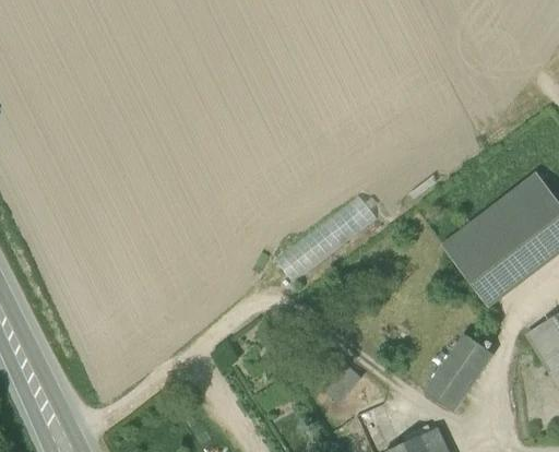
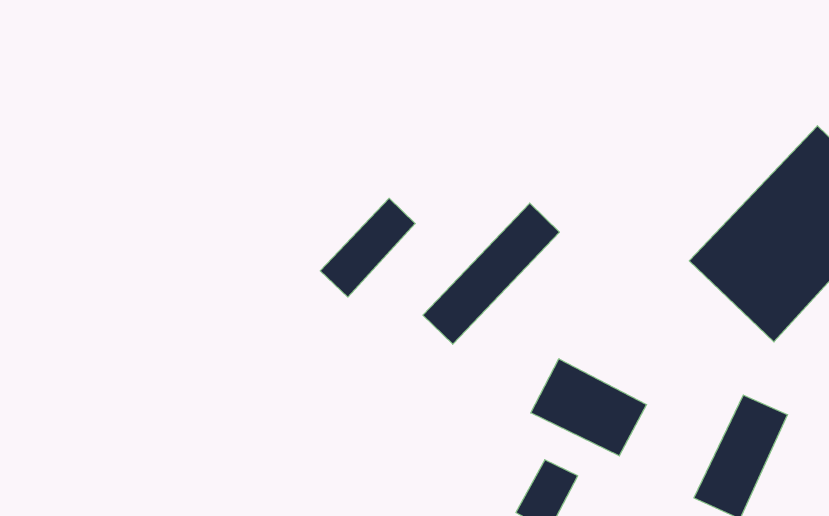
building: none -> [320,198,415,297]
building: none -> [531,359,647,456]

